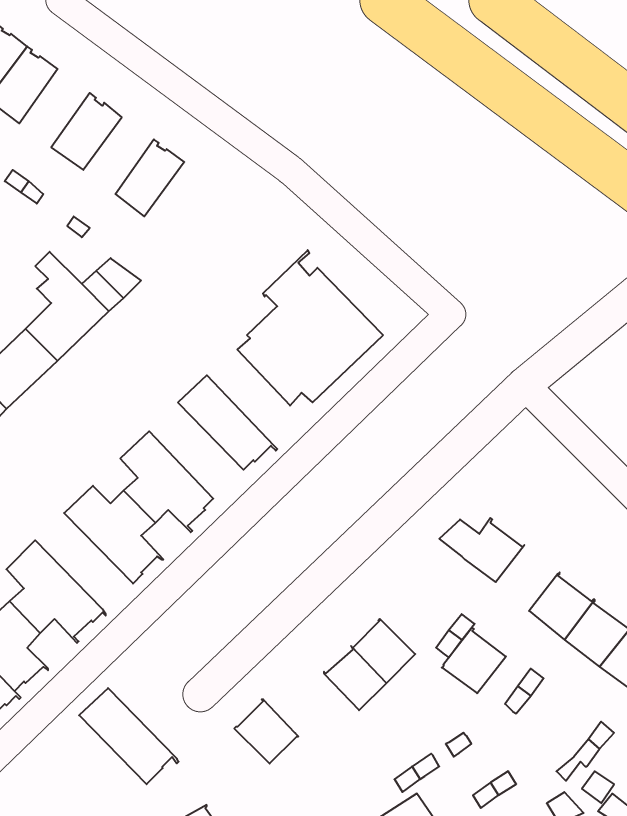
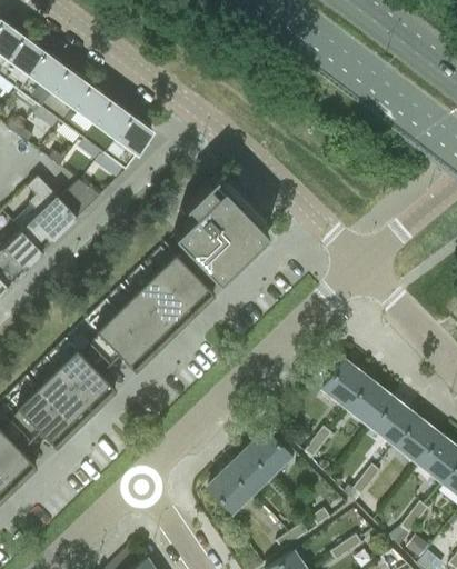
building: none -> [12,50,66,111]
building: none -> [61,83,110,137]
building: none -> [103,114,152,168]
building: none -> [147,243,216,311]
building: none -> [107,281,176,352]
building: [442,628,506,693] -> [346,380,390,426]
building: [79,688,179,784] -> [28,358,97,425]
building: [234,699,298,764] -> [208,469,252,513]

